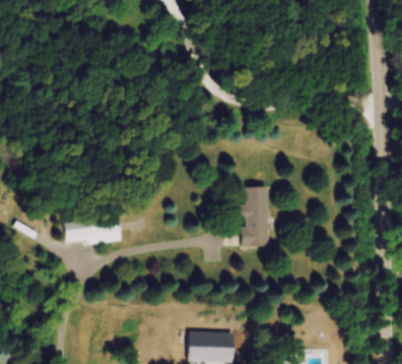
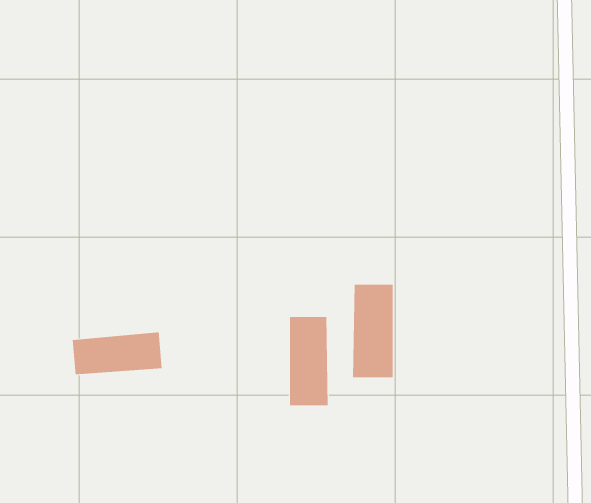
building: none -> [290,316,328,406]

